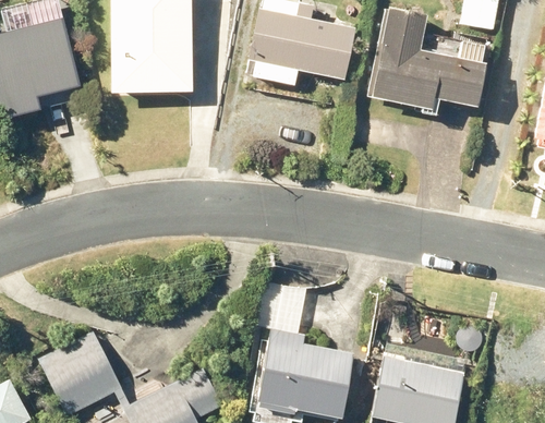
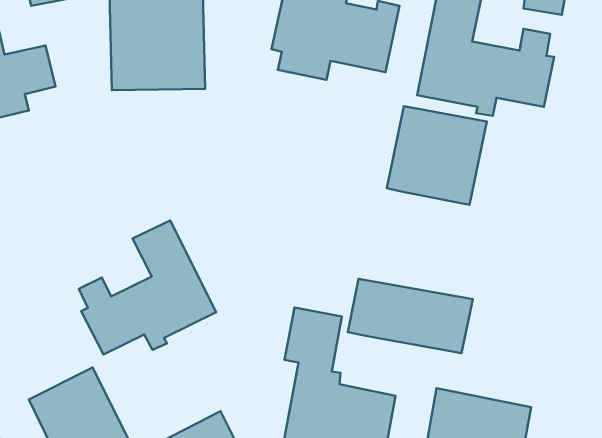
building: none -> [387,106,487,205]
building: none -> [79,220,216,355]
building: none -> [348,279,473,353]

